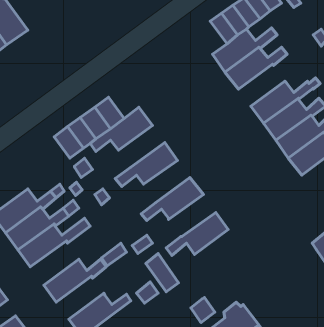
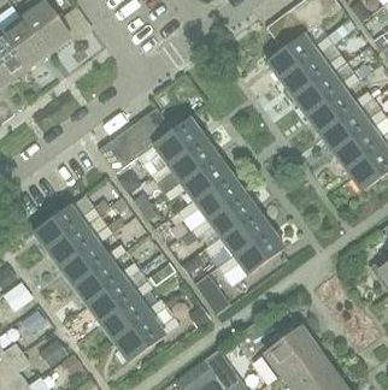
building: none -> [295,71,360,116]
building: none -> [151,136,217,182]
building: none -> [171,173,243,224]
building: none -> [205,209,271,255]
building: none -> [74,259,141,306]
building: none -> [101,296,167,342]

